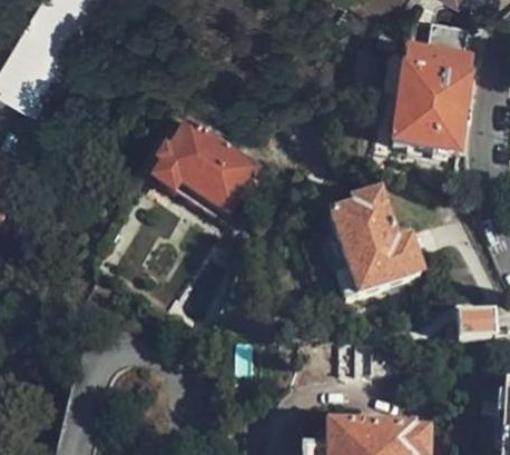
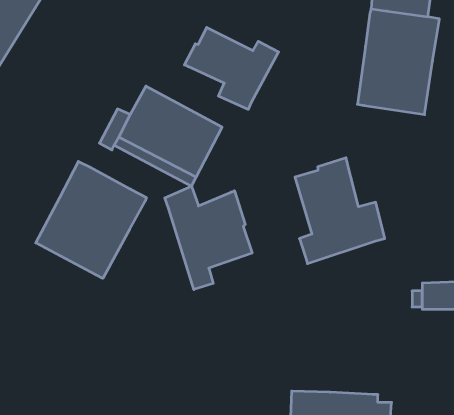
building: none -> [184,27,279,109]
building: none -> [36,161,146,278]
building: none -> [165,186,252,290]

